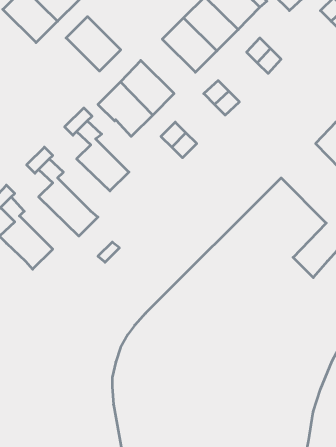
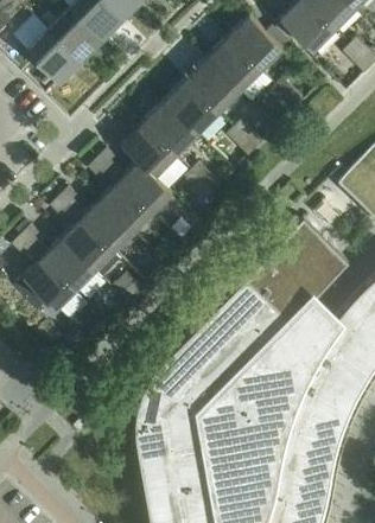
building: [66,17,121,71] -> [163,81,217,135]
building: none -> [117,161,171,213]
building: none -> [80,200,132,253]
building: none -> [42,238,101,298]

